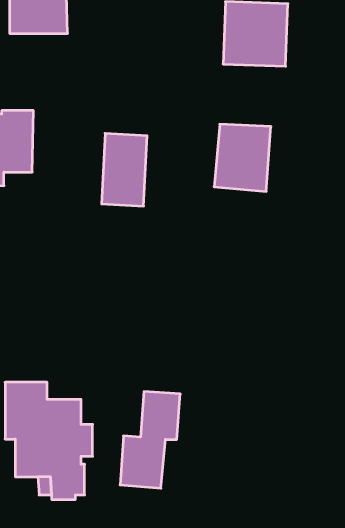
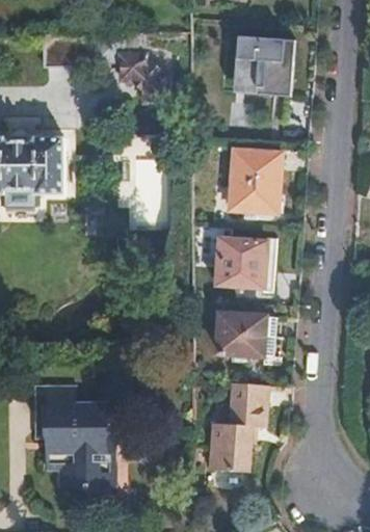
building: none -> [118,54,166,102]
building: none -> [216,236,273,290]
building: none -> [216,312,273,354]
building: [120,392,180,488] -> [208,381,263,470]

